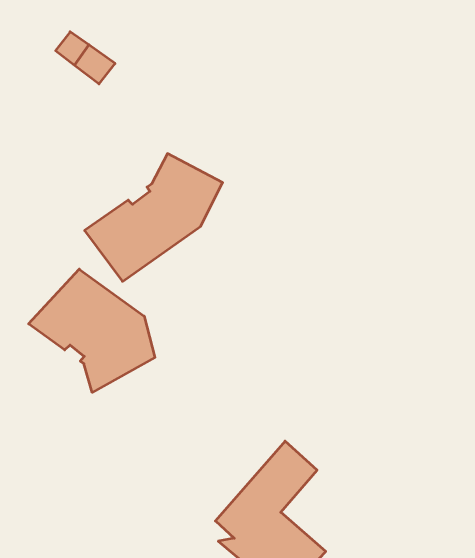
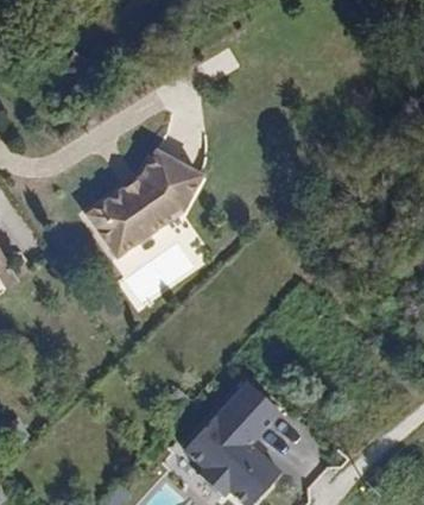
building: [29,269,155,392] -> none

